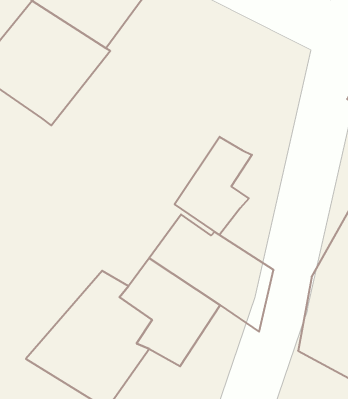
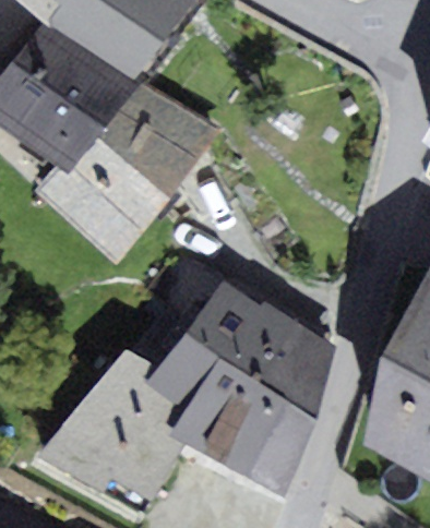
building: none -> [36,80,222,262]
building: [175,137,252,235] -> none
building: none -> [224,388,319,496]

